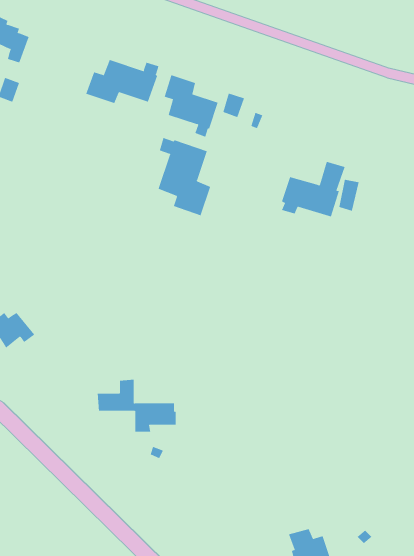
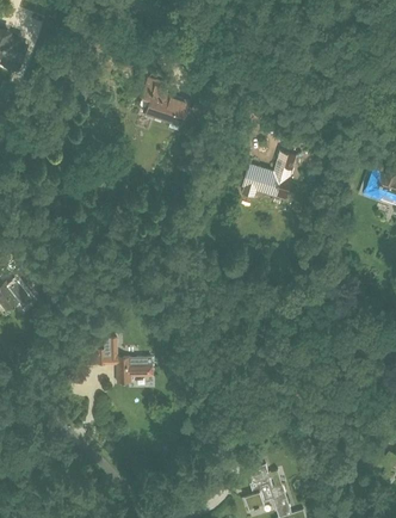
building: [86,59,159,104] -> none
building: [158,137,211,216] -> none

